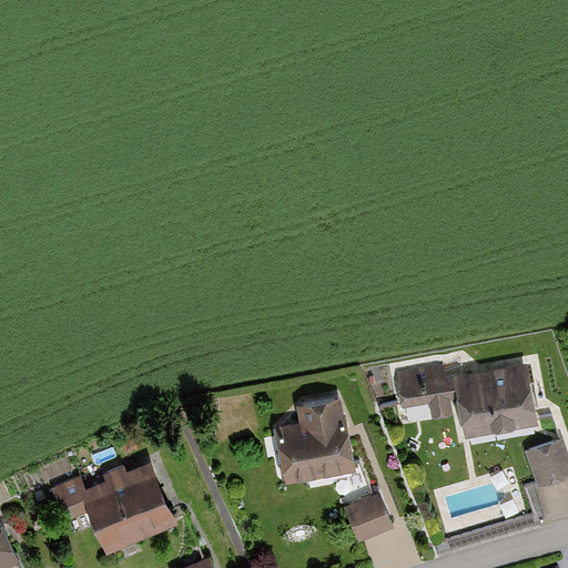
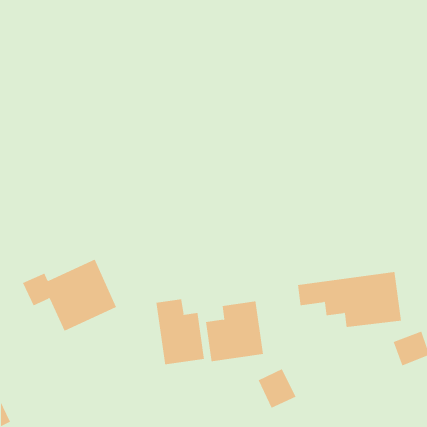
building: none -> [156,299,205,365]
building: [51,457,176,554] -> [22,259,117,331]

